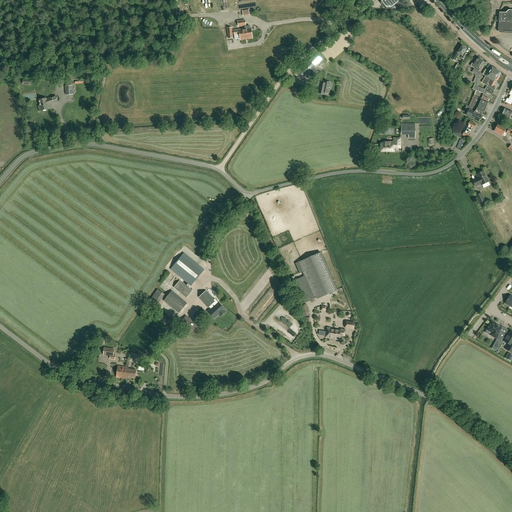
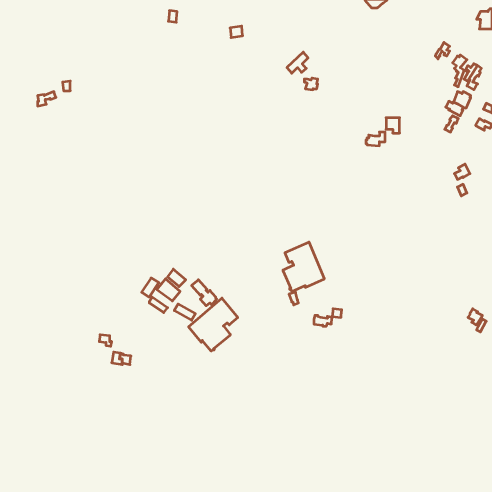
building: [171,252,204,285] -> none
building: none -> [189,298,238,351]

